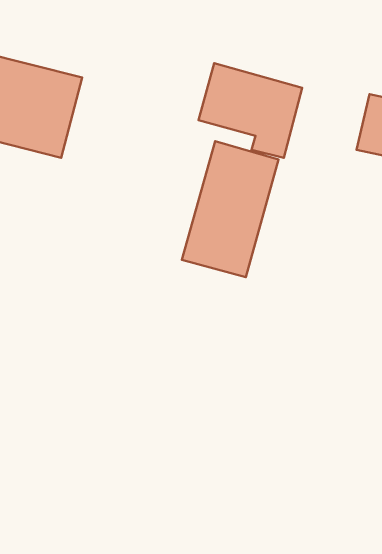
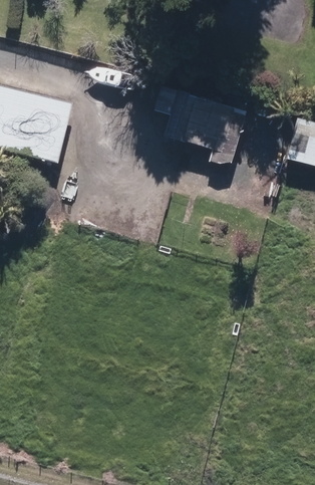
building: [182,141,278,277] -> none

